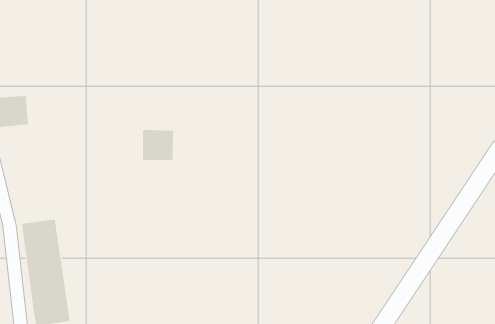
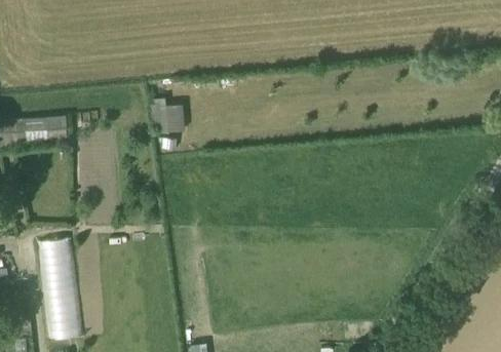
building: [142,130,174,160] -> [152,103,183,132]

